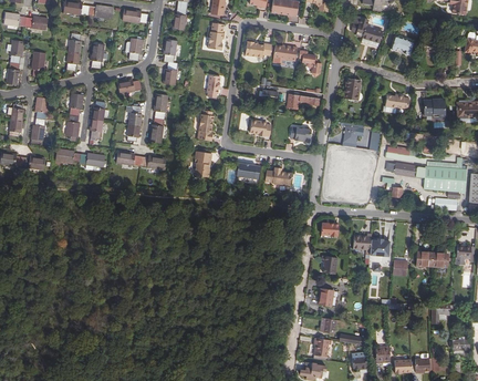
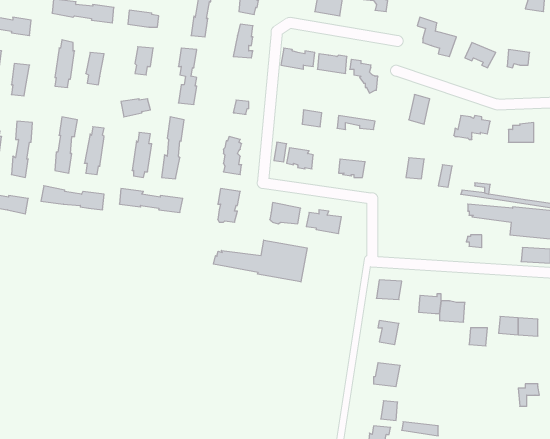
building: none -> [213,240,307,282]

